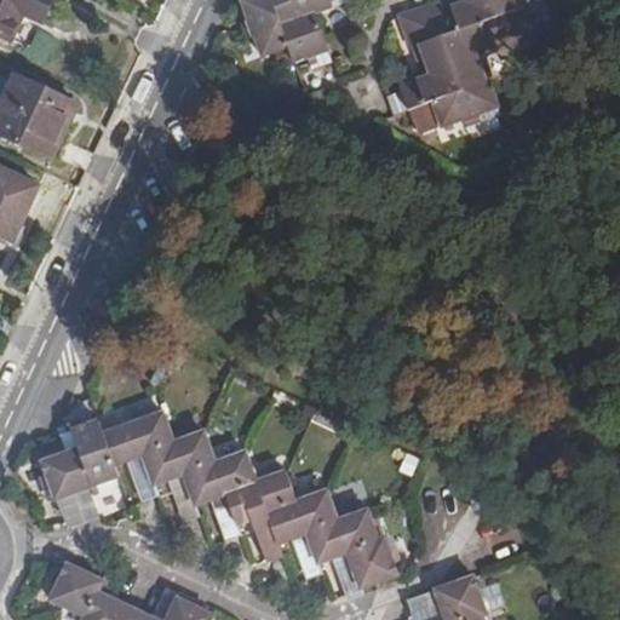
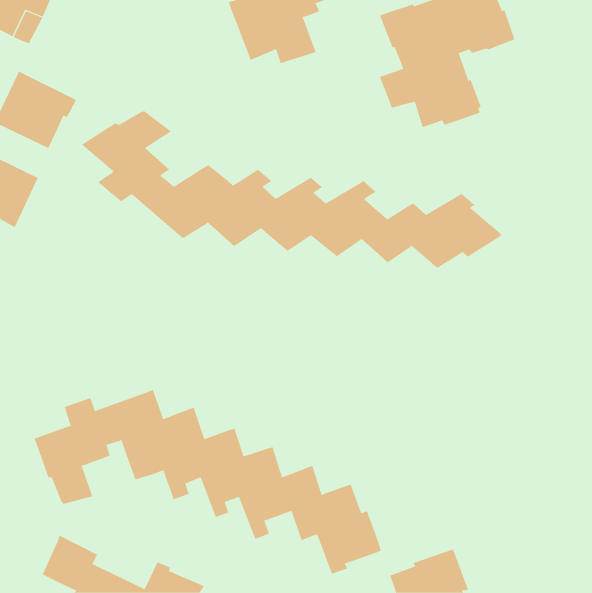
building: none -> [81,111,503,269]

